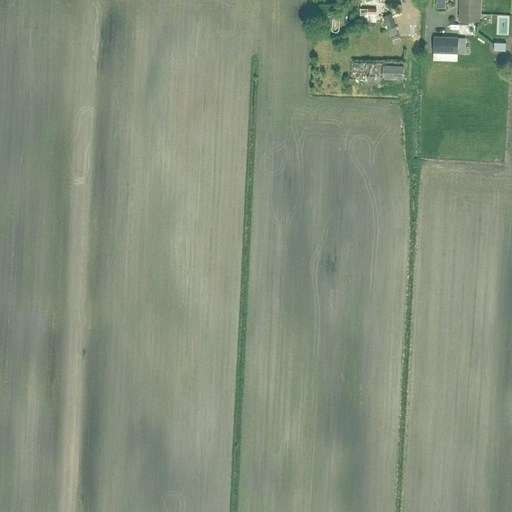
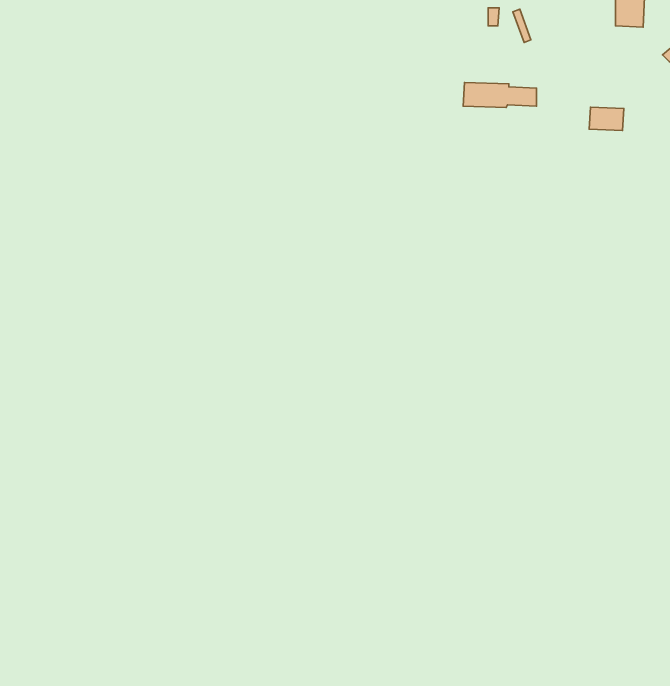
building: [433,36,458,53] -> [589,107,624,131]

